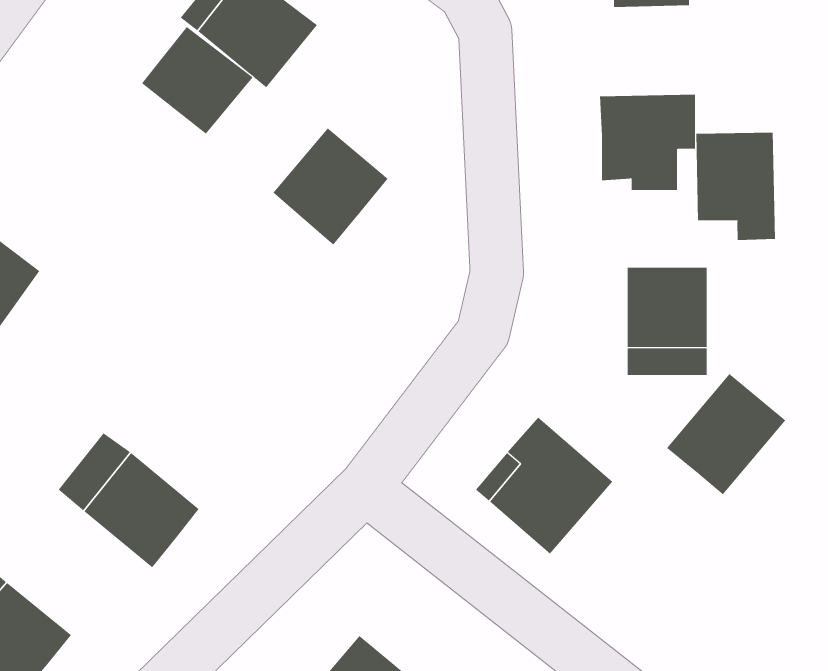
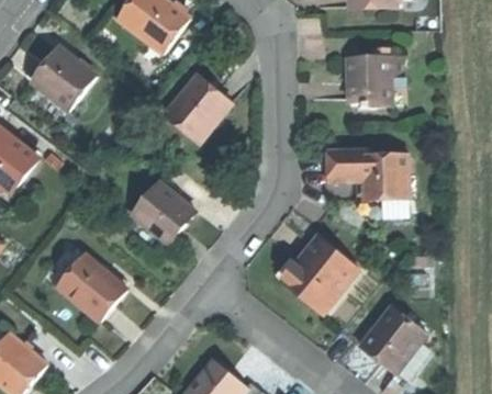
building: [141,26,254,134] -> [37,42,100,102]
building: [696,132,775,241] -> none
building: none -> [326,154,361,185]
building: none -> [131,181,193,244]
building: [666,373,786,495] -> [355,306,422,374]

